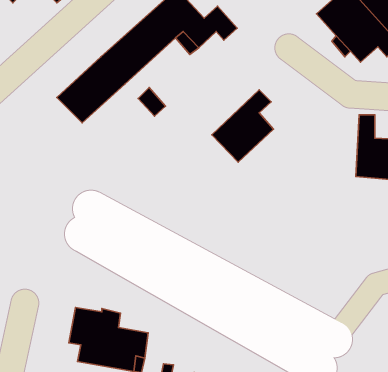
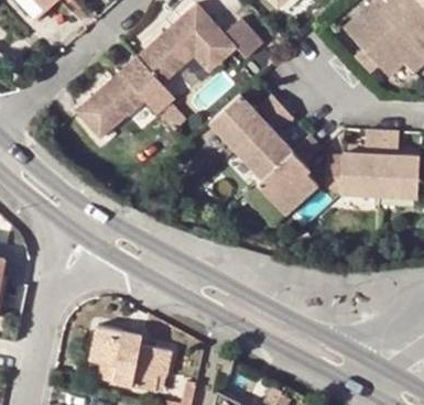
building: none -> [207,91,281,153]
building: none -> [340,132,381,195]
building: none -> [260,136,322,209]

